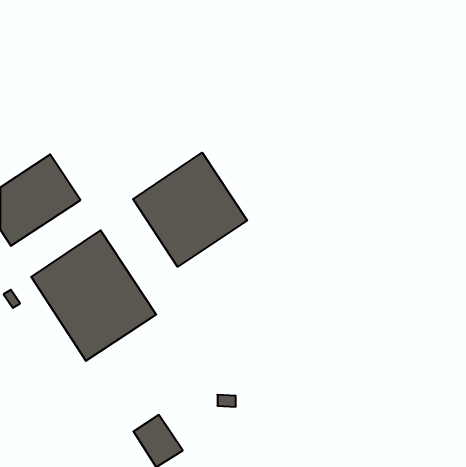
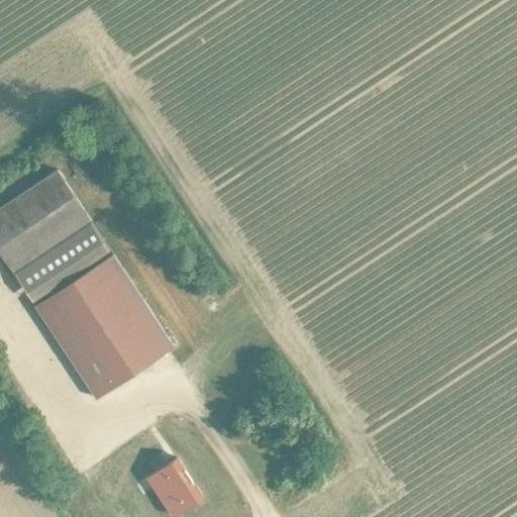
building: [133,153,247,267] -> none
building: none -> [13,221,109,301]

